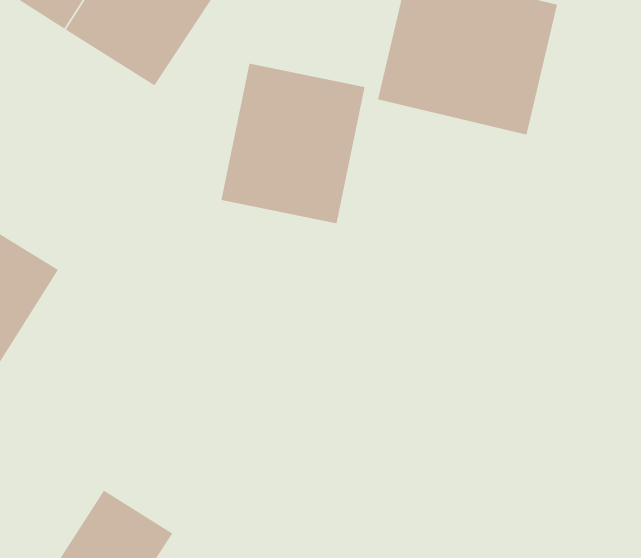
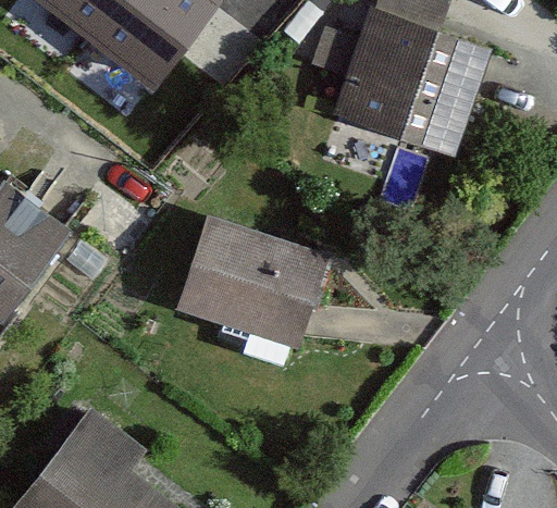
building: [221,63,365,224] -> none
building: none -> [181,219,322,343]

